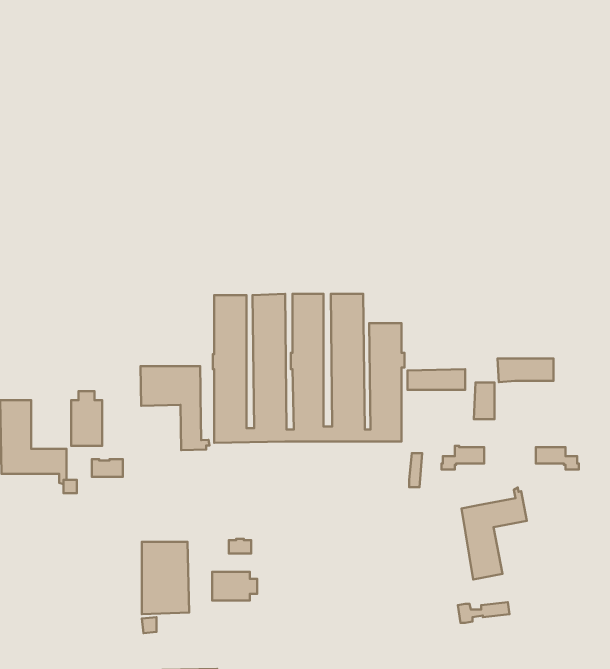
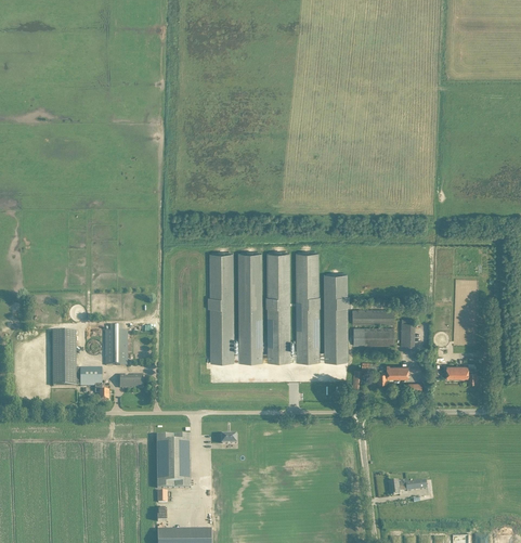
building: [497,359,553,382] -> [352,328,393,346]
building: [141,366,210,450] -> none
building: [461,488,527,579] -> none
building: [212,572,257,601] -> none

